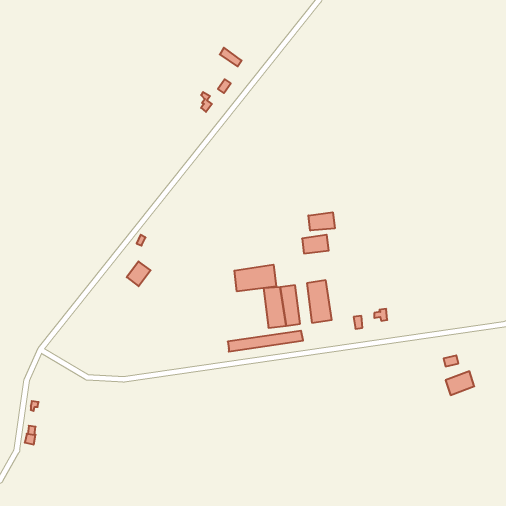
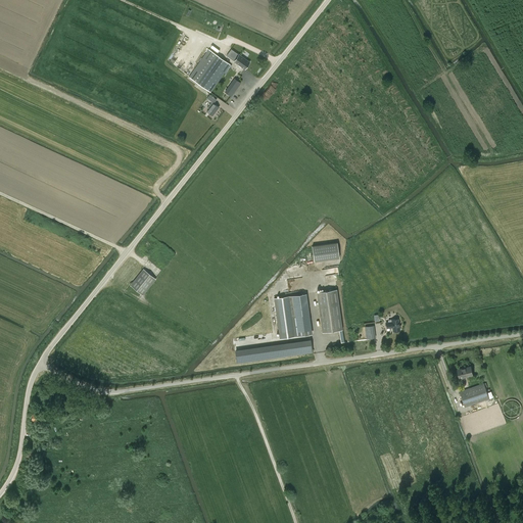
building: none -> [189,49,230,92]
building: [308,212,335,231] -> none
building: [234,265,276,291] -> none

